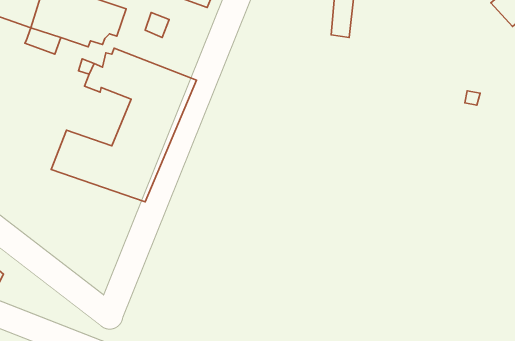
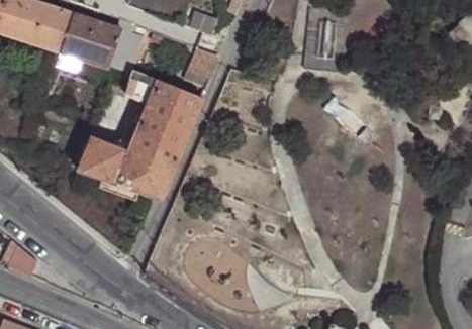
building: none -> [183,46,217,86]

